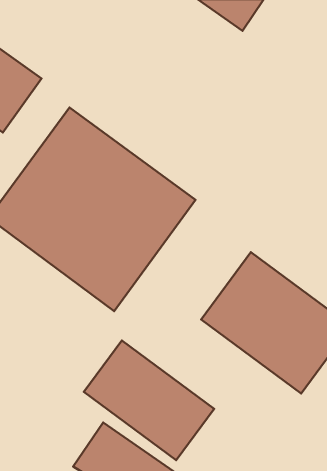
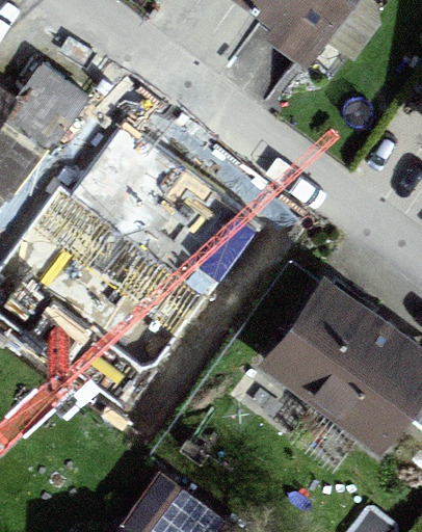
building: [84,341,214,460] -> none

